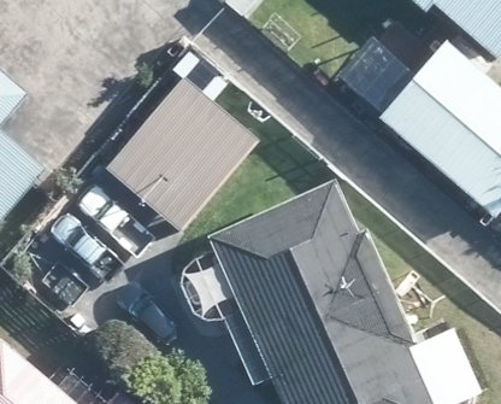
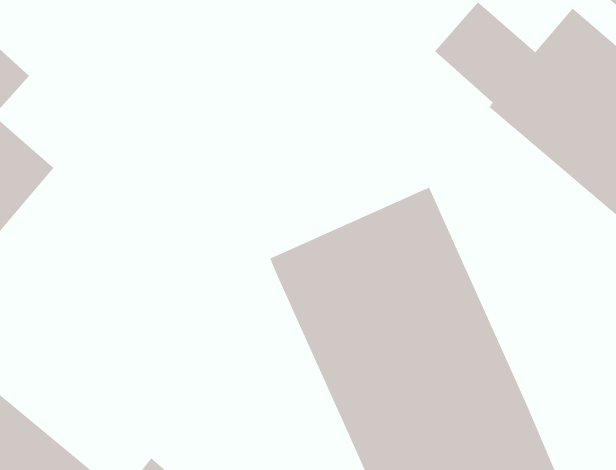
building: [108,46,258,230] -> none

